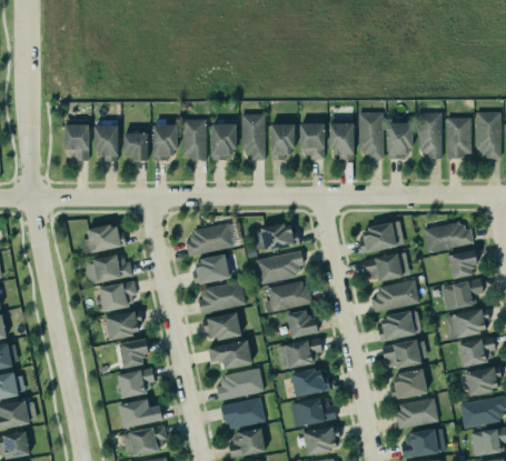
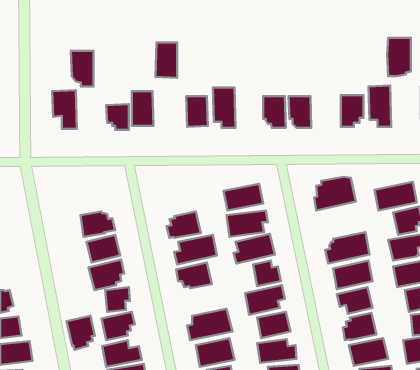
building: [358,113,384,160] -> none
building: [444,117,470,160] -> [387,38,411,76]
building: [91,120,117,160] -> [71,51,94,86]
building: [182,120,207,160] -> [156,42,177,78]
building: [269,124,292,160] -> none
building: [186,223,234,257] -> none
building: [79,226,125,255] -> none
building: [365,251,410,283] -> none
building: [208,340,252,370] -> none
building: none -> [67,316,95,350]

